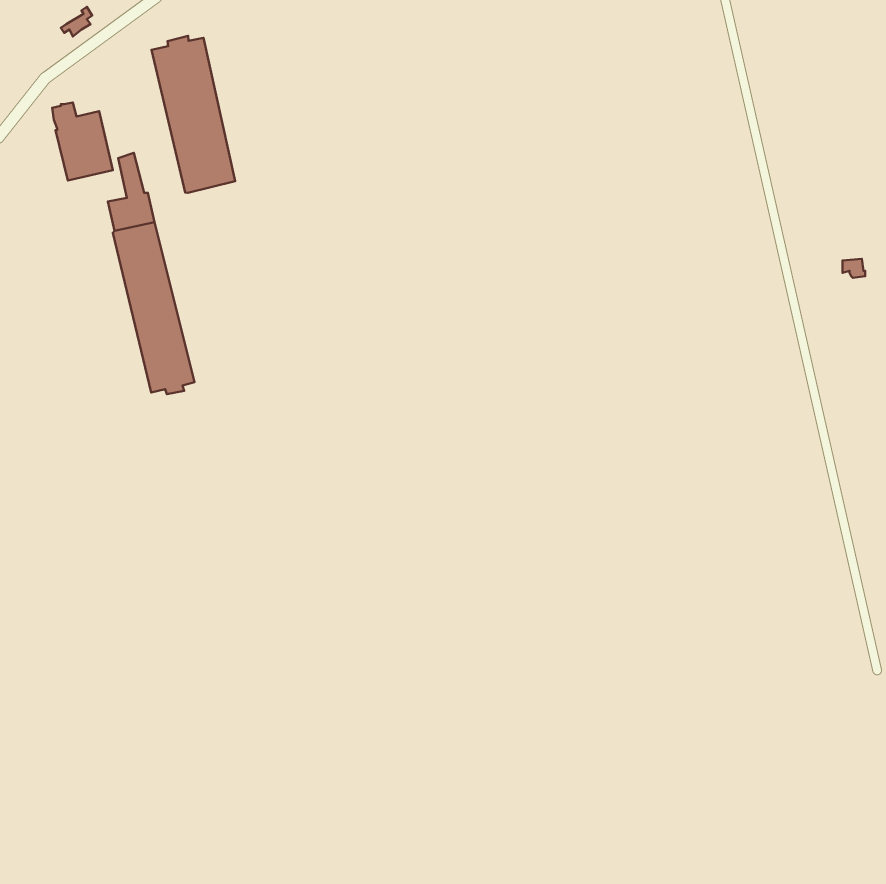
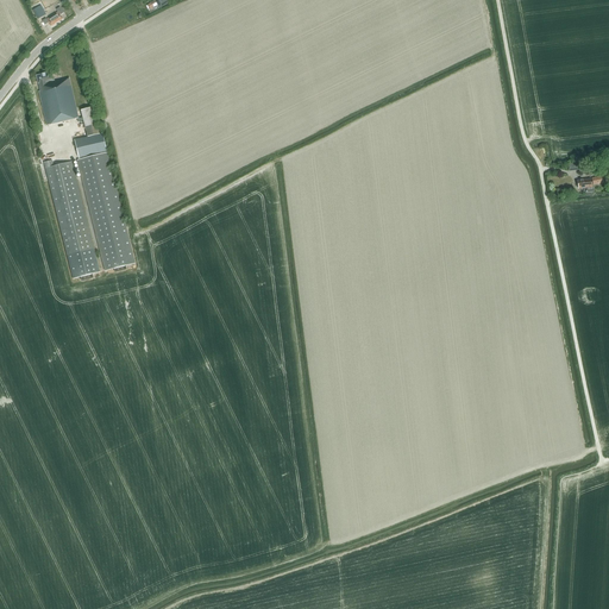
building: [152,36,235,193] -> none
building: none -> [43,158,99,280]

